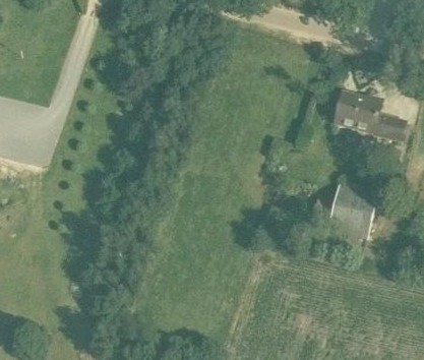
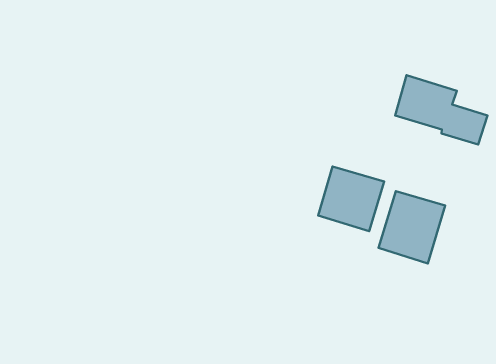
building: none -> [318,167,384,231]

